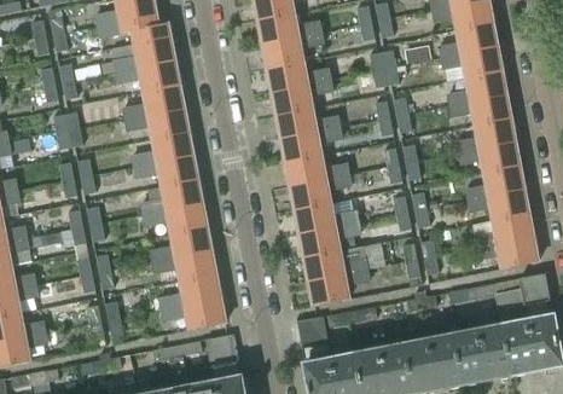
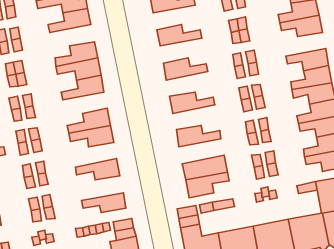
building: [262,31,324,66] -> none
building: [116,59,179,89] -> none
building: [447,70,506,104] -> none
building: [272,79,332,114] -> none
building: [280,126,342,161] -> none
building: [134,155,197,185] -> none
building: [290,173,352,208] -> none
building: [298,221,360,256] -> none
building: [150,226,210,261] -> none
building: [158,273,220,308] -> none

